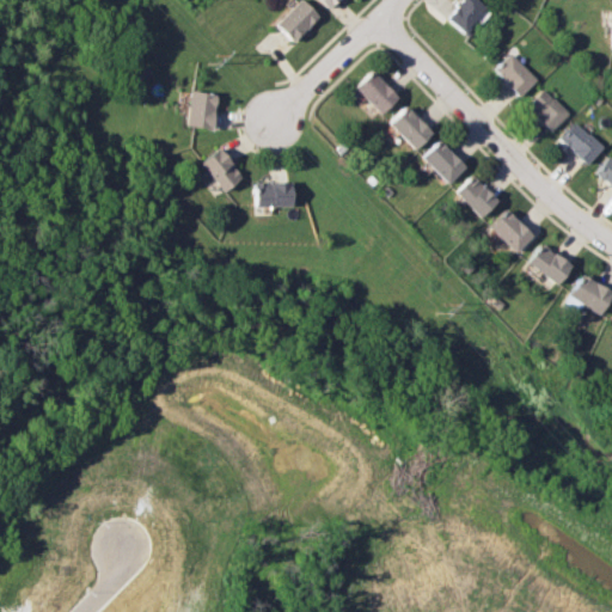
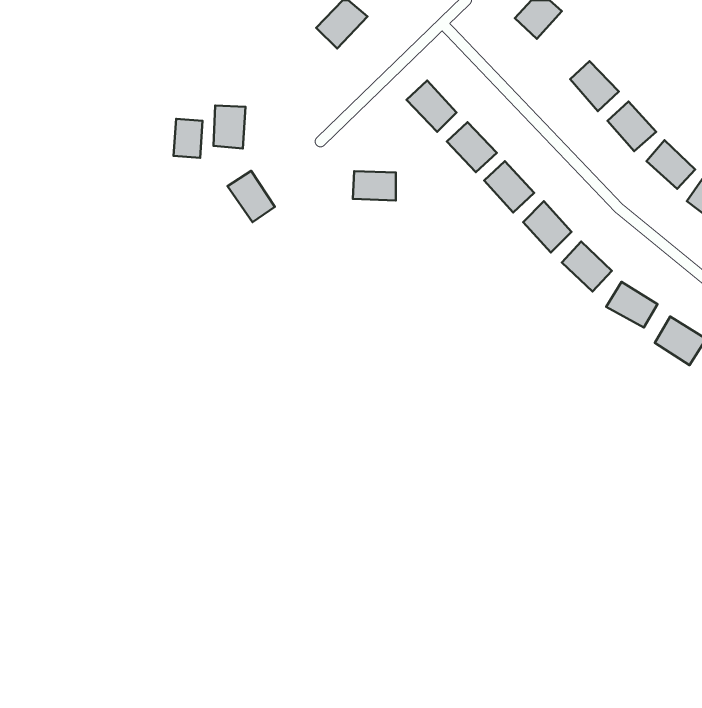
building: none -> [174,119,203,158]
building: [256,182,293,207] -> [353,171,396,200]

